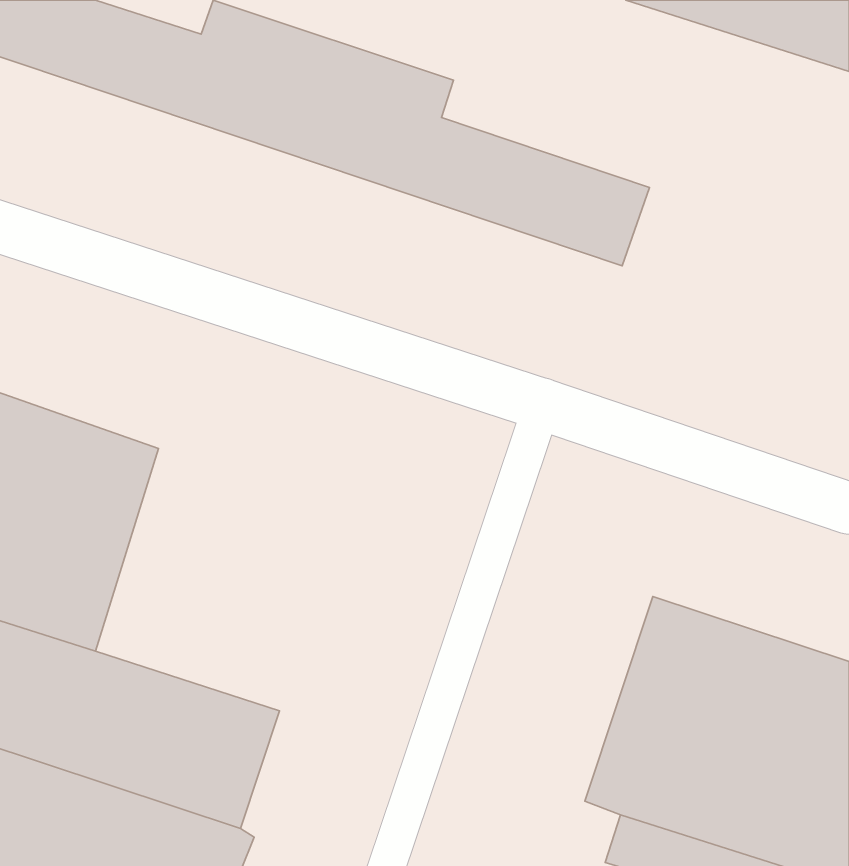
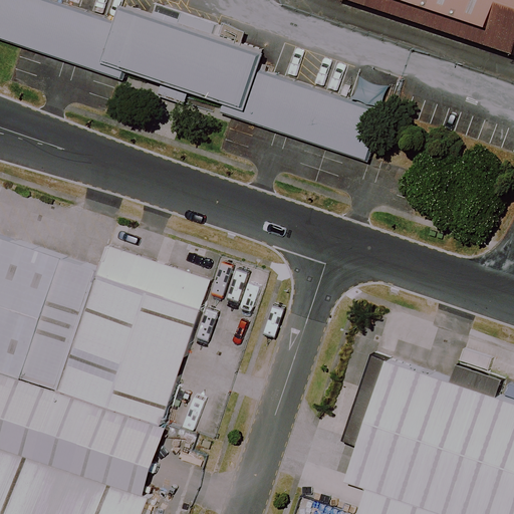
building: none -> [56,246,207,422]

